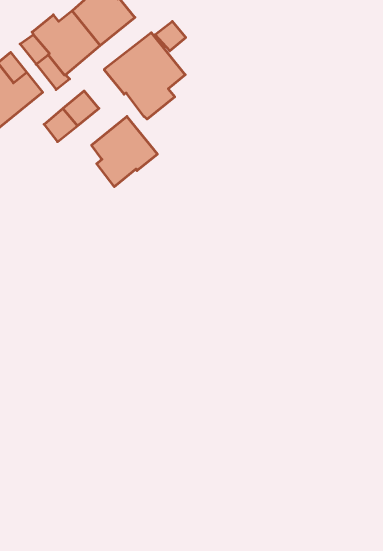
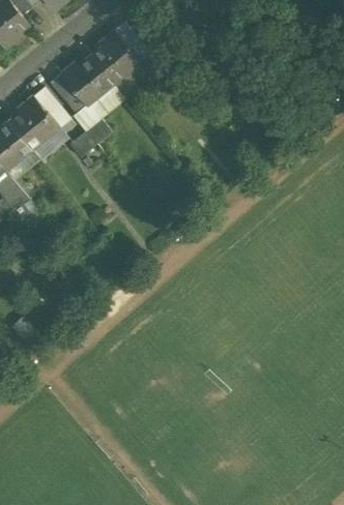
building: [104,33,185,119] -> none
building: [92,116,157,187] -> none

